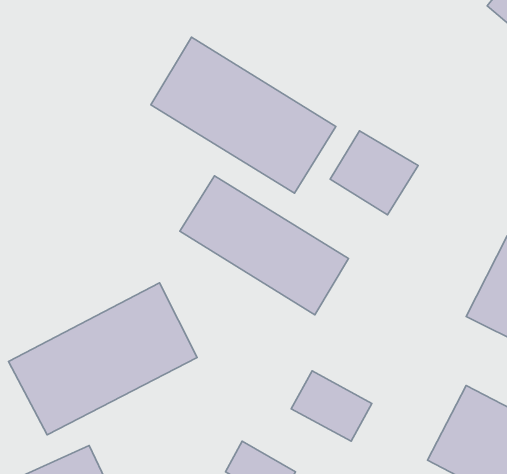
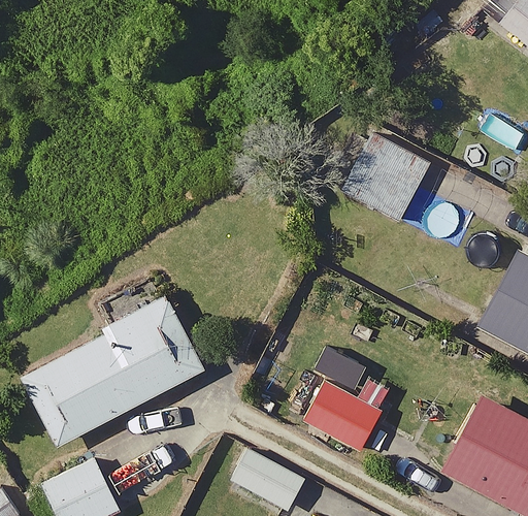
building: [151,37,336,193] -> none
building: [180,176,349,315] -> none

